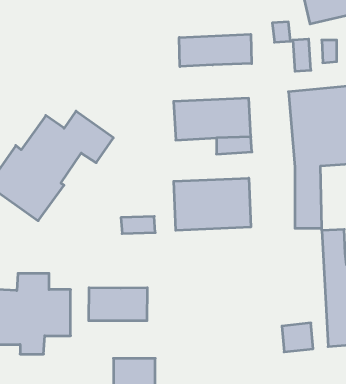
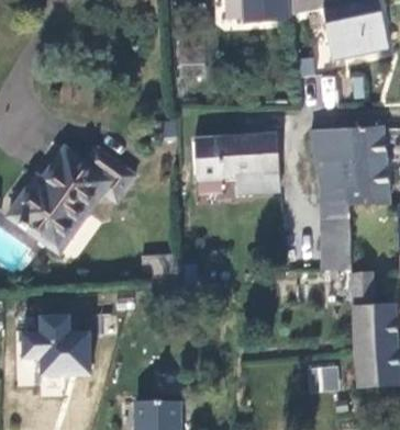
building: [179,34,252,67] -> none
building: [174,178,251,230] -> none
building: [89,288,147,321] -> none

